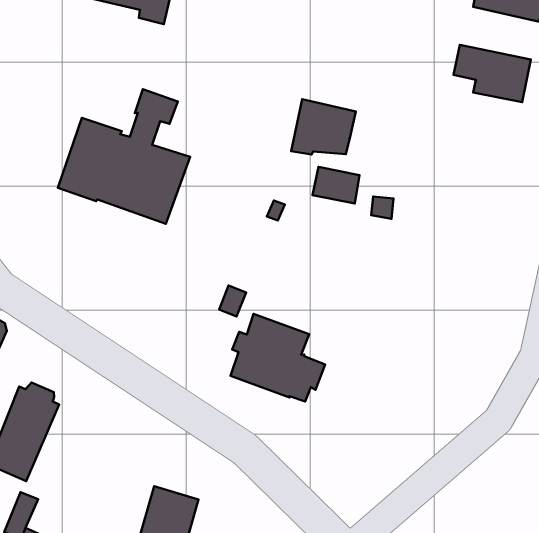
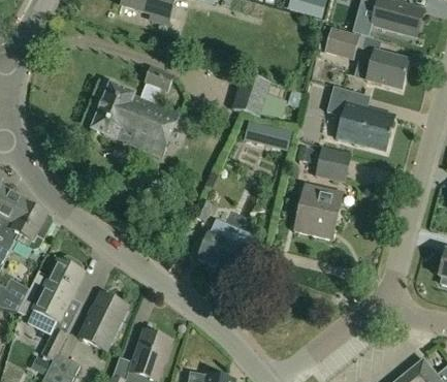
building: none -> [324,28,358,53]
building: none -> [325,86,393,147]
building: none -> [315,147,350,182]
building: none -> [292,183,342,240]
building: none -> [77,291,128,350]

